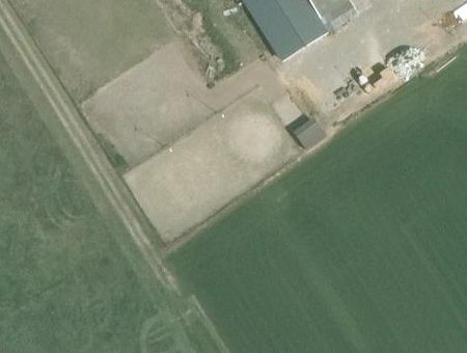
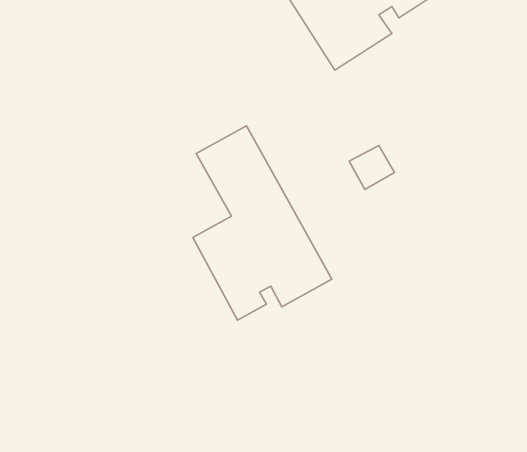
building: none -> [193,126,332,320]

